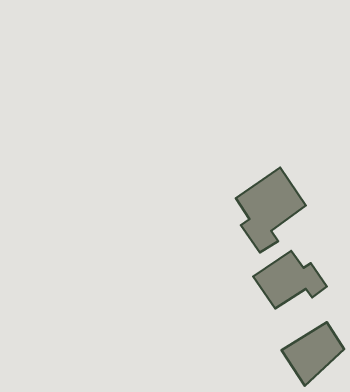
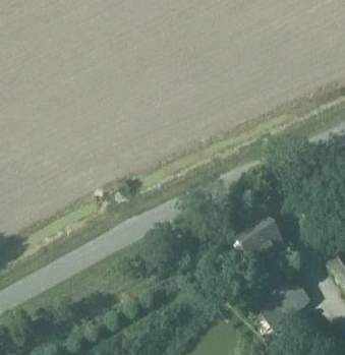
building: [236,167,306,253] -> none

